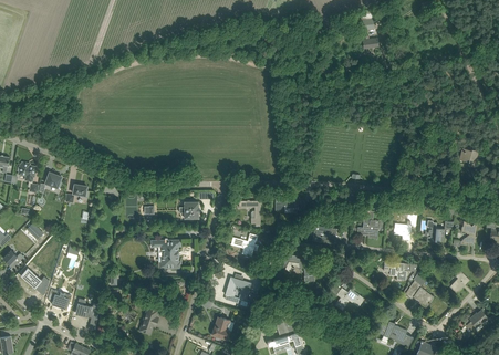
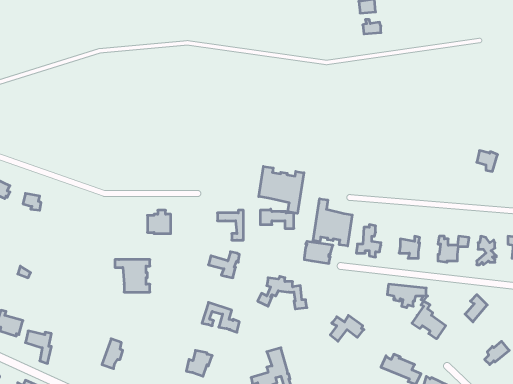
building: none -> [259,166,304,213]
building: none -> [313,199,352,246]

